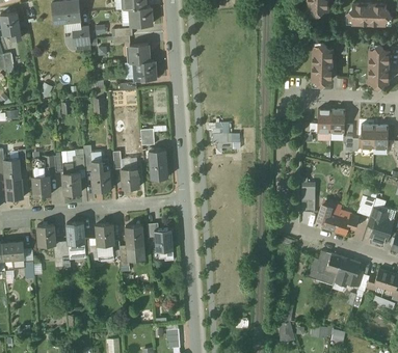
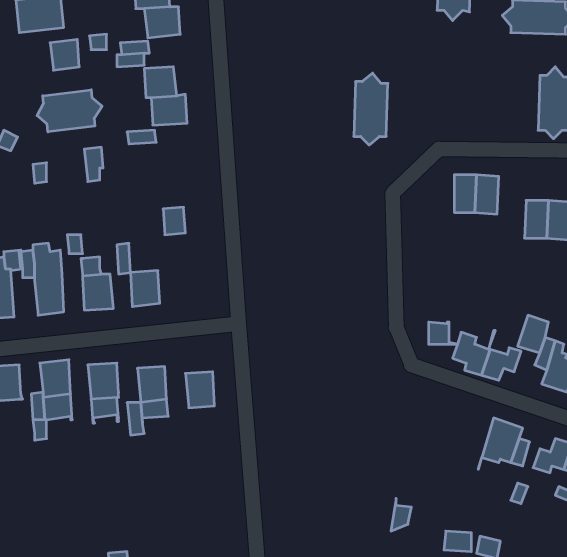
building: [311,42,331,85] -> [354,73,388,145]
building: none -> [37,90,102,132]
building: [209,121,234,147] -> none
building: [148,148,167,179] -> none
building: [306,250,341,299] -> none

